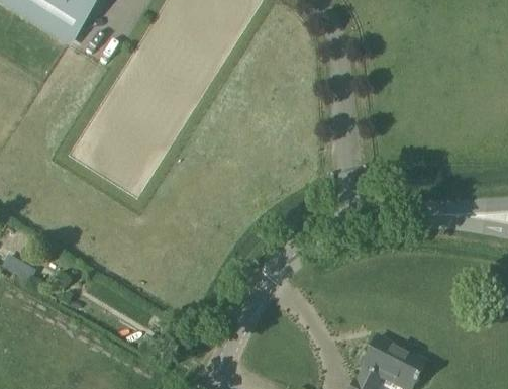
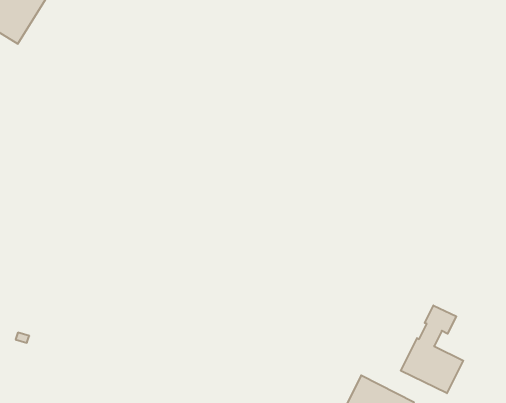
building: none -> [401,305,463,393]

